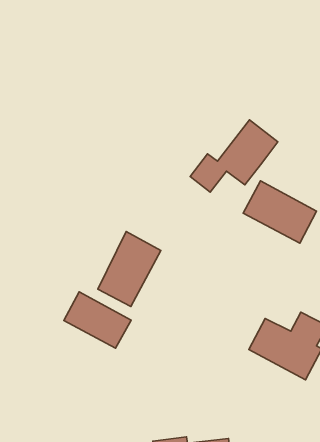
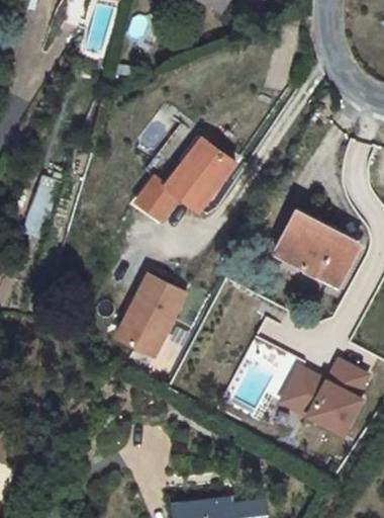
building: [190,120,278,192] -> [137,137,234,217]
building: [64,292,131,348] -> none

